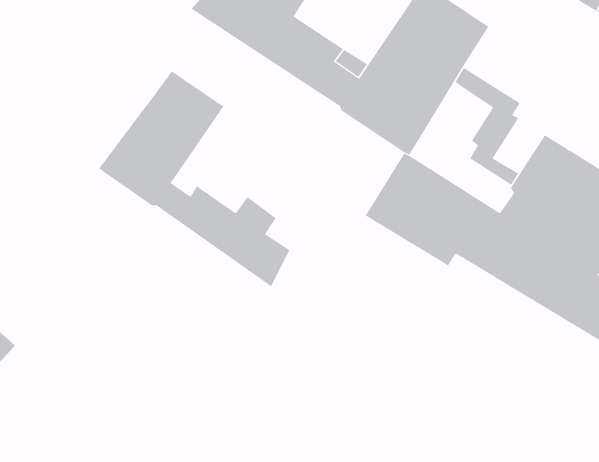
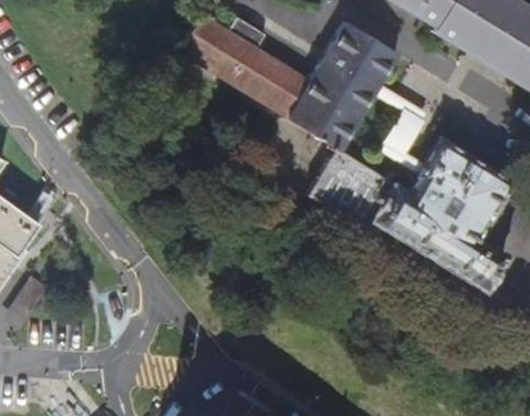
building: [99,71,290,287] -> none

